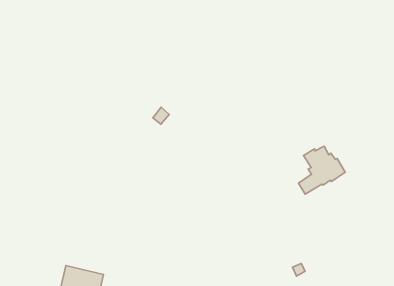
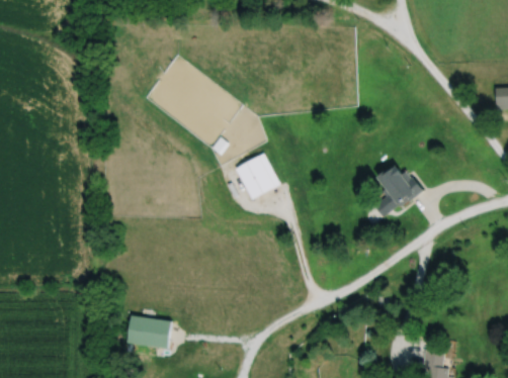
building: none -> [235,153,280,199]

